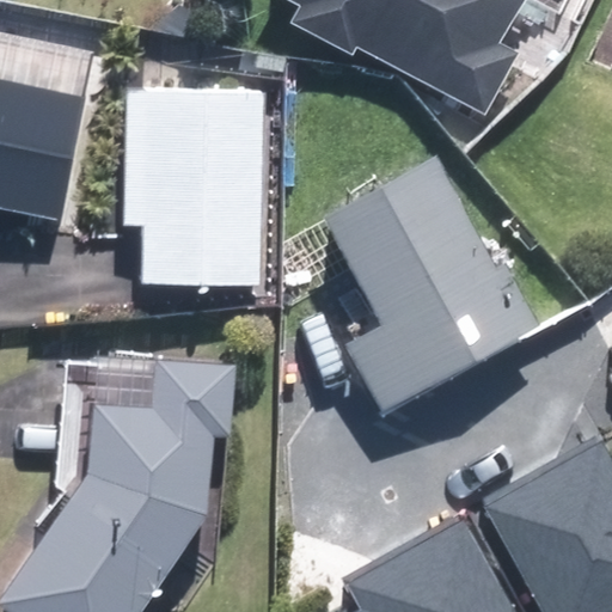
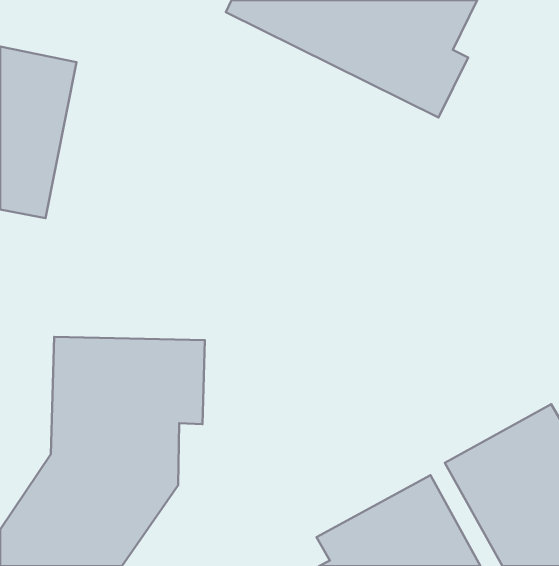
building: [114,92,262,293] -> none
building: [331,158,547,412] -> none

